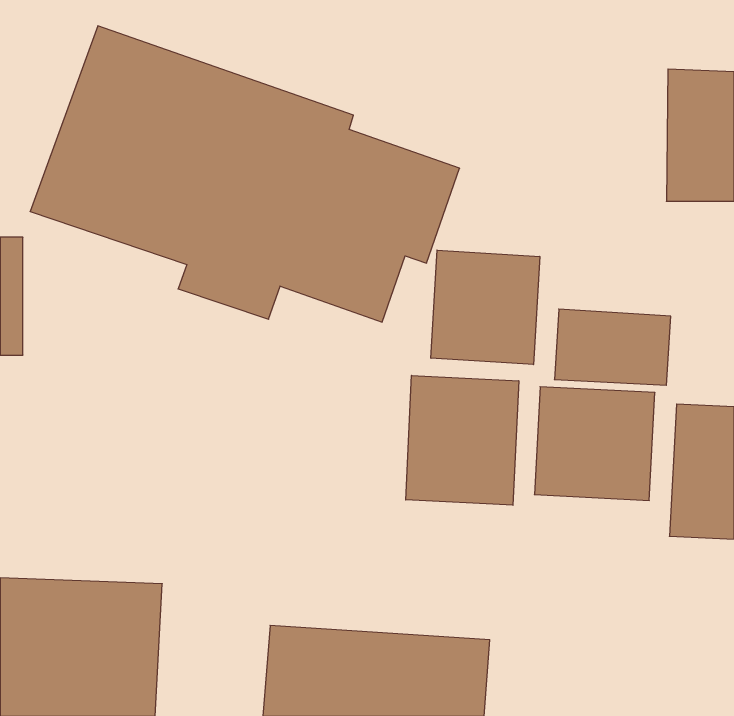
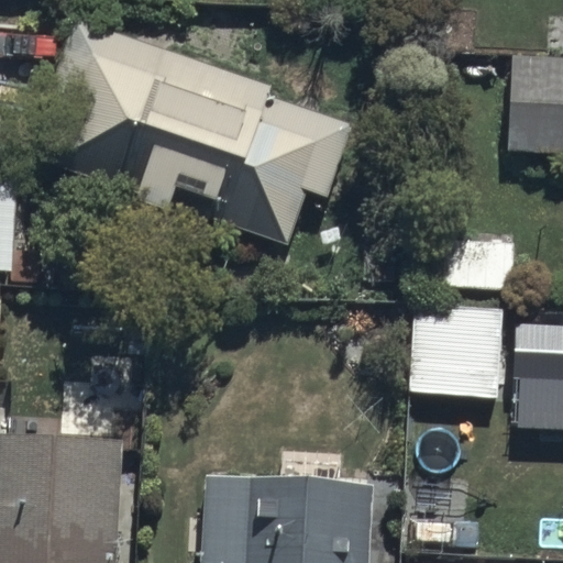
building: [431,250,540,365] -> none
building: [406,375,519,505] -> none

